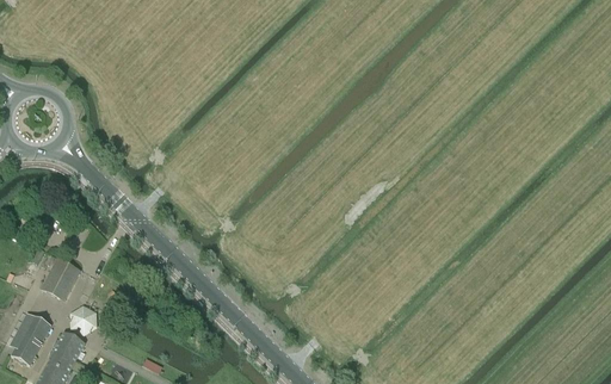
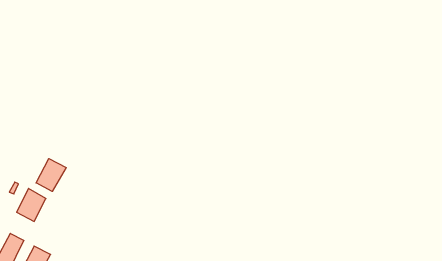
building: none -> [36,159,66,191]

